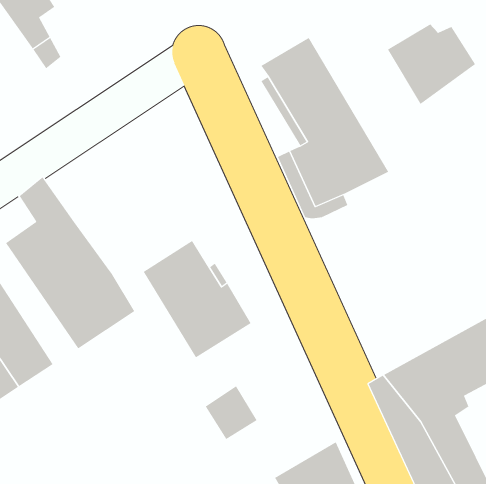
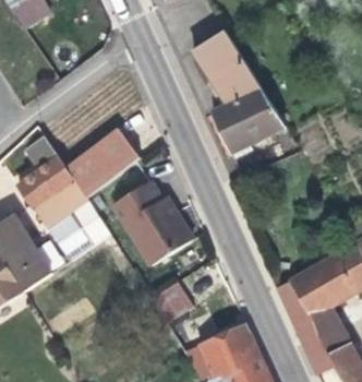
building: [387,23,476,105] -> none
building: none -> [61,129,136,202]

